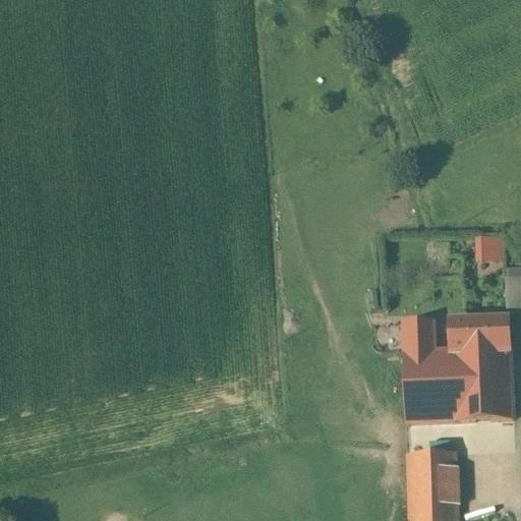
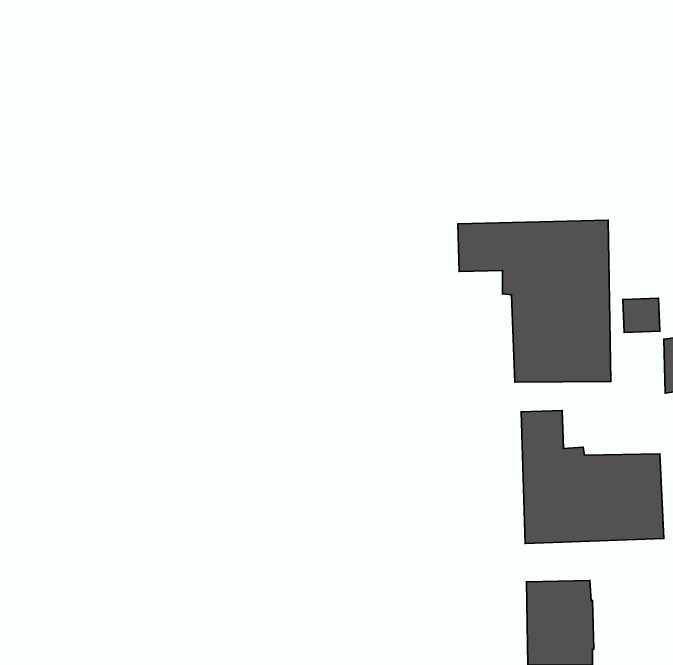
building: none -> [458,220,611,382]
building: [451,314,510,351] -> none

